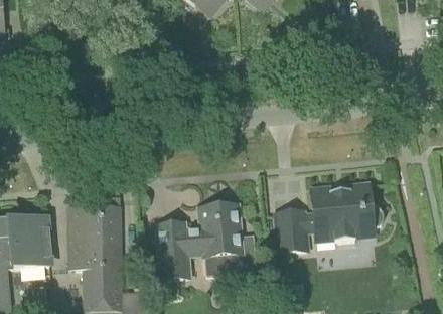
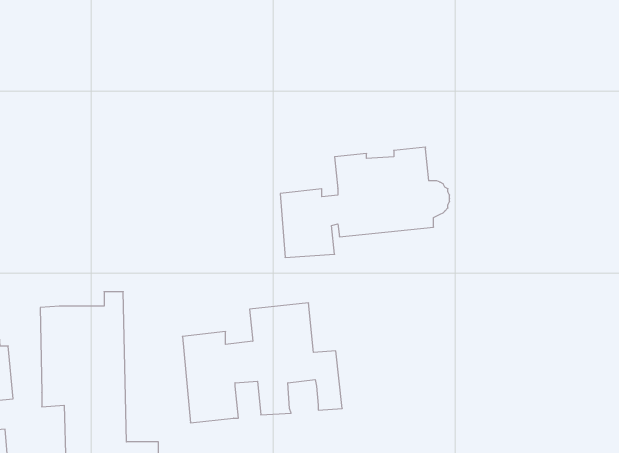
building: [276,184,383,254] -> [280,147,450,257]

